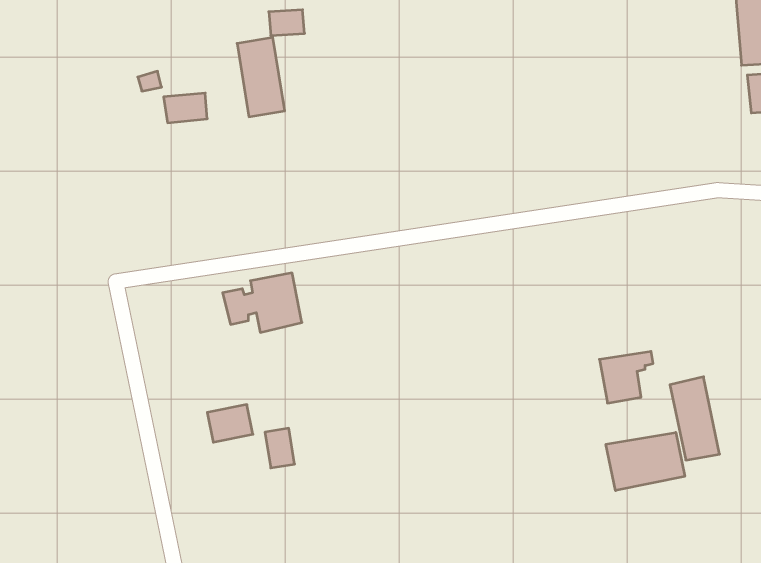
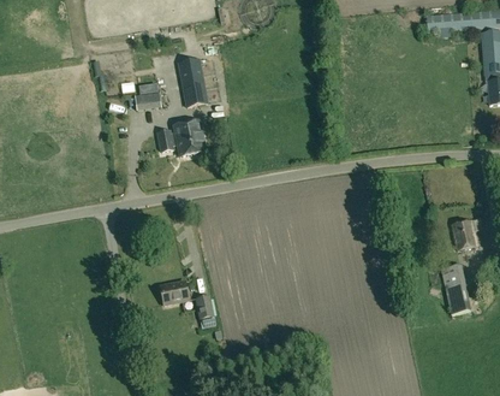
building: [223,273,302,332] -> [157,120,206,156]
building: [599,351,653,403] -> [452,218,484,249]
building: [606,432,685,491] -> none

